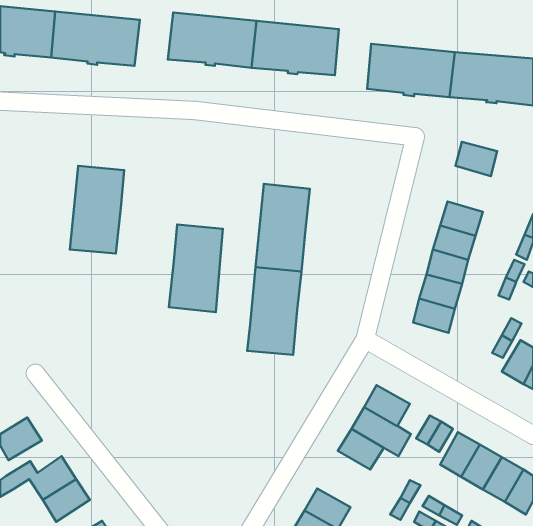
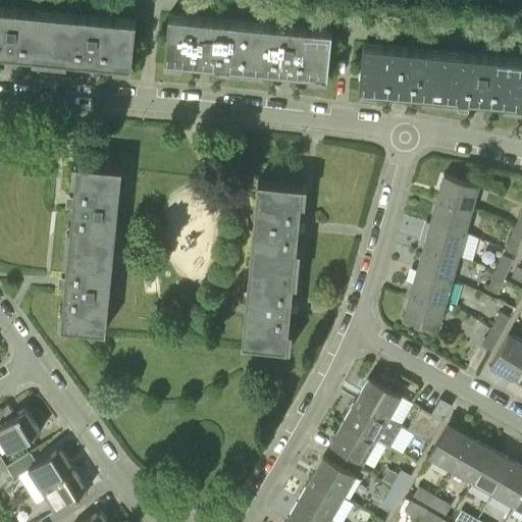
building: [456,142,497,176] -> [437,180,478,214]
building: [169,225,223,312] -> [60,251,113,336]
building: none -> [310,462,355,503]

